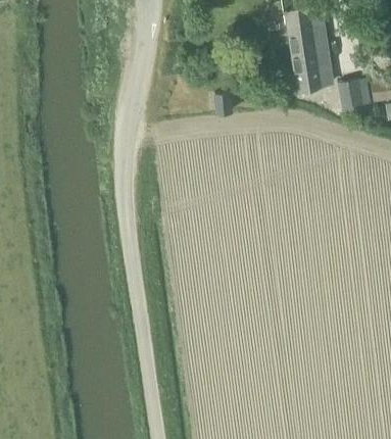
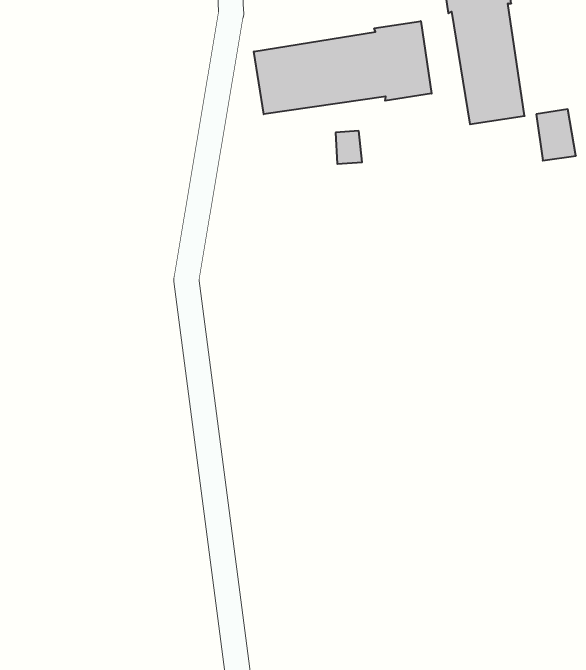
building: none -> [254,21,432,114]

